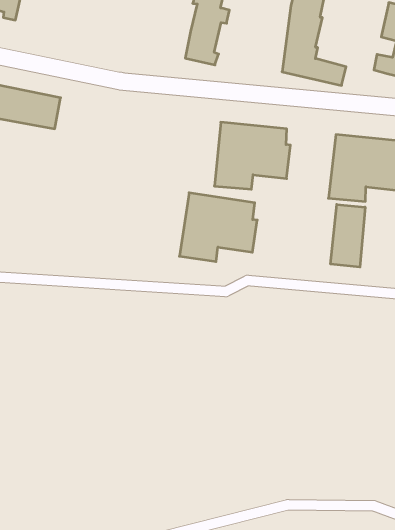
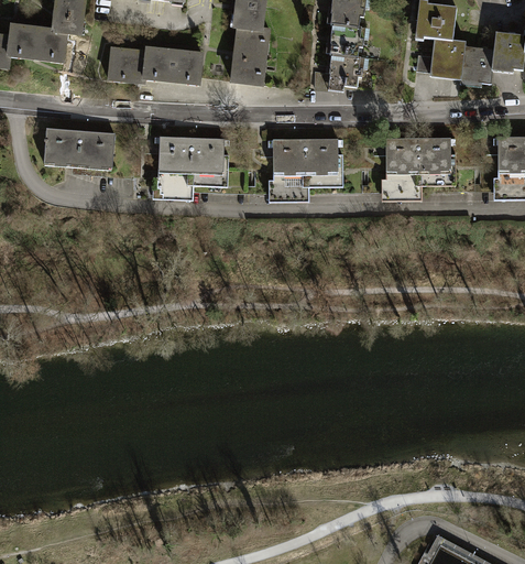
building: none -> [107,47,199,85]
building: [179,193,257,262] -> [157,135,229,199]
building: [331,204,365,267] -> none

